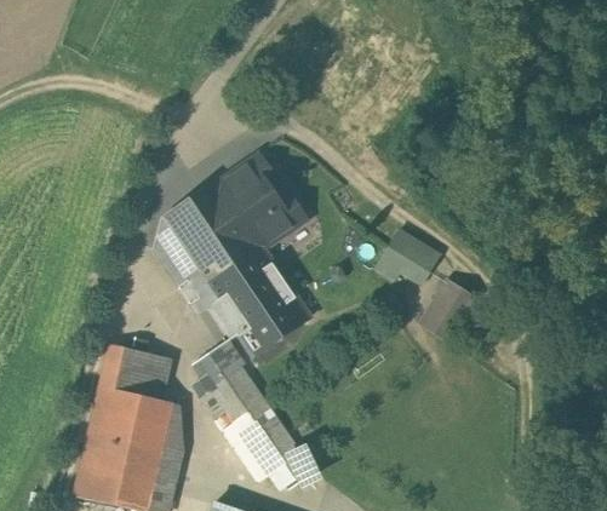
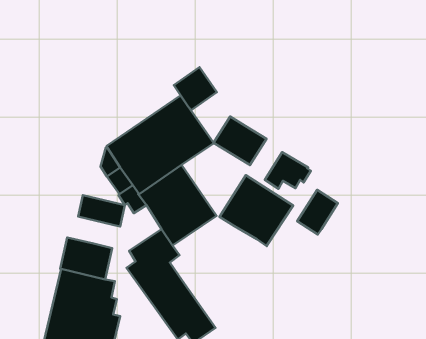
building: none -> [174,67,217,110]
building: none -> [214,117,266,165]
building: none -> [220,175,293,246]
building: none -> [78,195,125,227]

